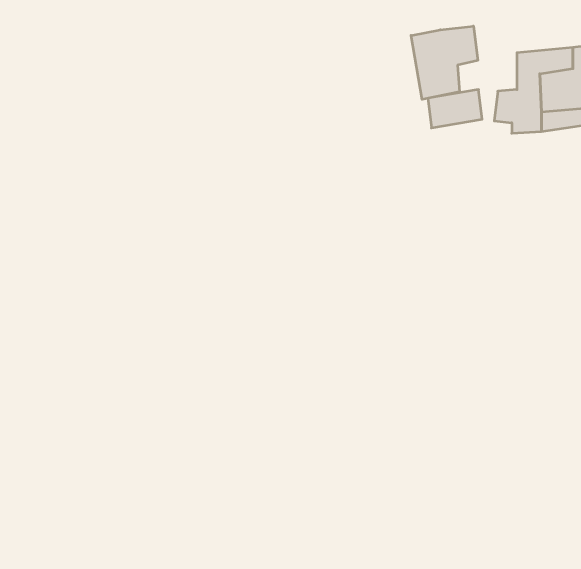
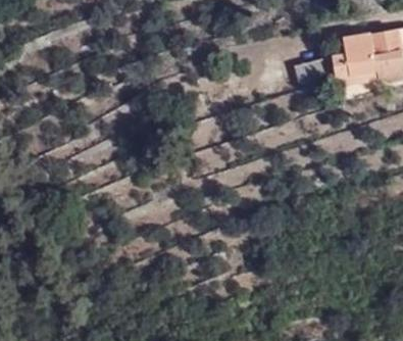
building: [411,26,478,99] -> none

